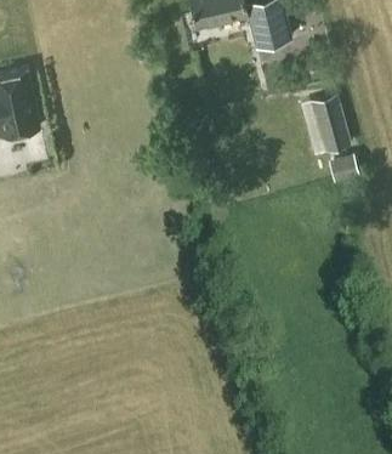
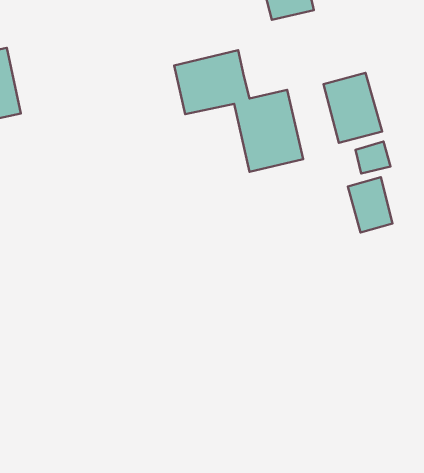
building: none -> [174,50,303,172]
building: none -> [348,177,393,232]

